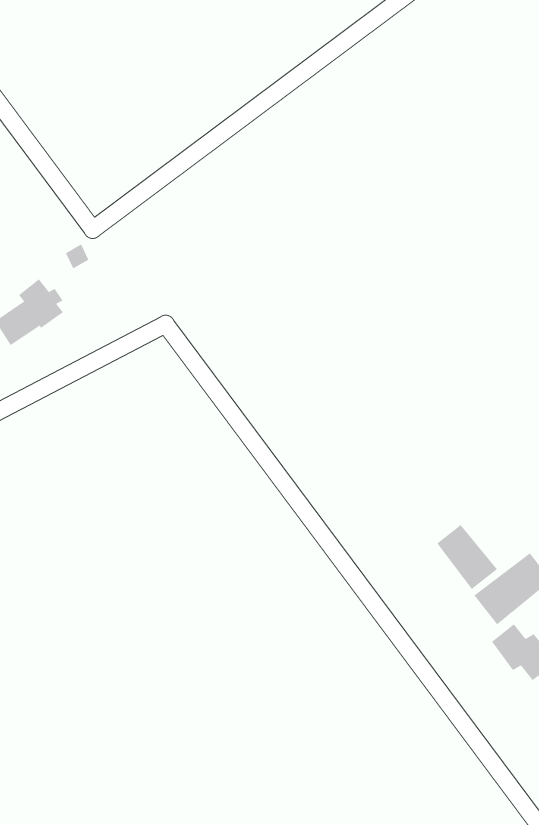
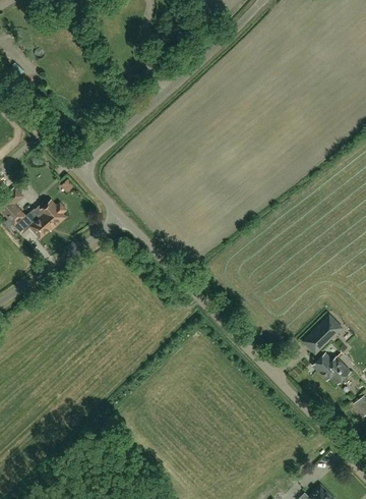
building: [436,524,498,590] -> none

